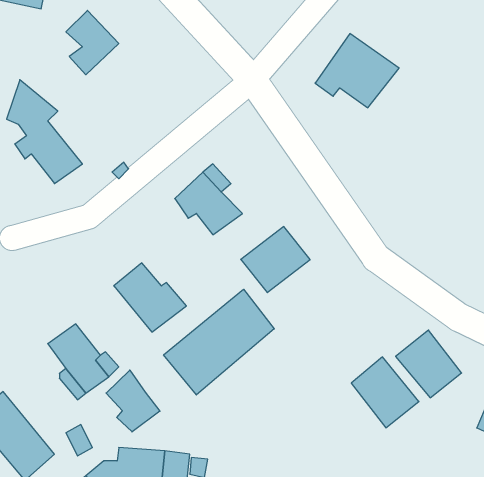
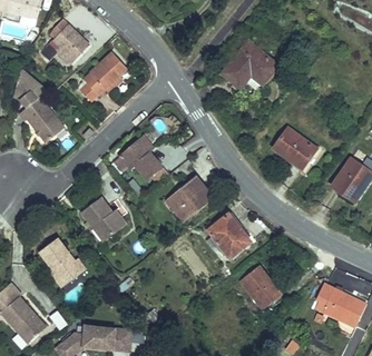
building: none -> [74,51,127,102]
building: none -> [270,129,315,167]
building: [164,289,274,395] -> none
building: [396,330,462,398] -> [211,209,255,255]
building: [106,370,160,432] -> none

